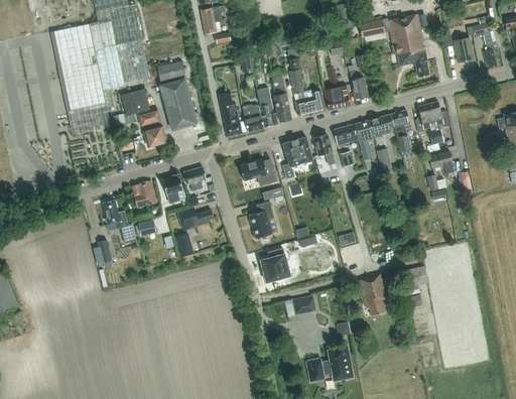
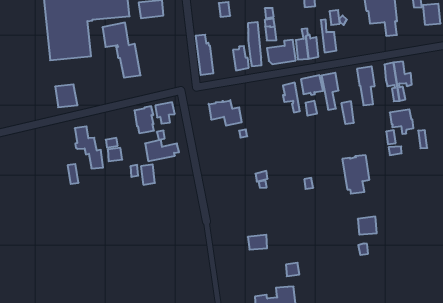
building: [160,79,198,129] -> none
building: [243,105,265,130] -> none
building: [369,114,394,138] -> none
building: [283,137,313,178] -> none
building: [132,181,157,207] -> [55,84,78,107]
building: [248,201,273,239] -> none
building: [261,248,290,281] -> none
building: [360,274,390,315] -> [342,155,369,194]

